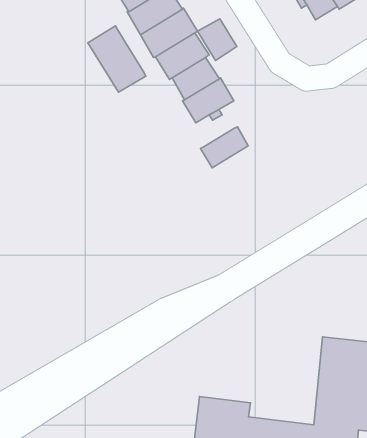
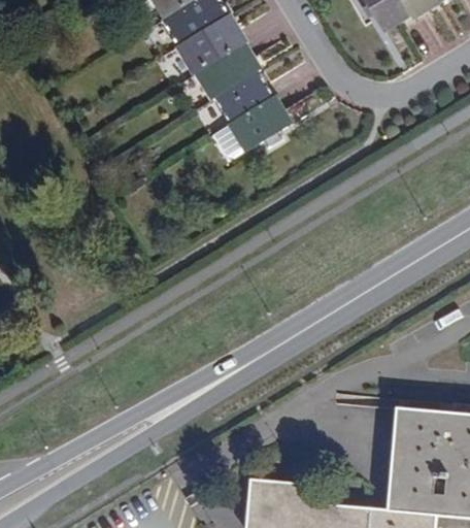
building: [198,19,237,60] -> none
building: [88,26,146,92] -> none
building: [201,127,248,168] -> none

